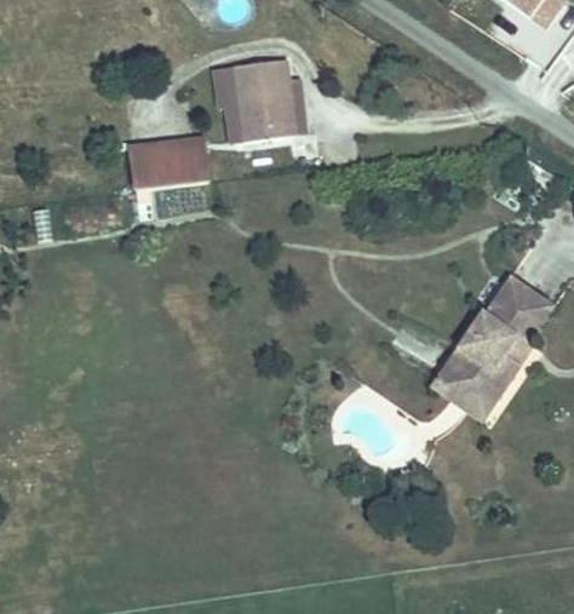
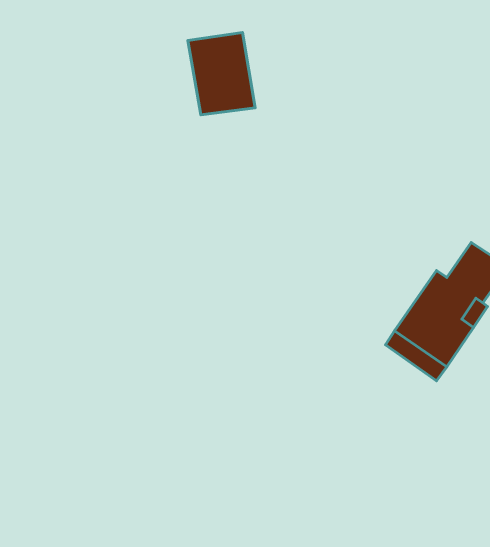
building: [126,139,200,183] -> none

